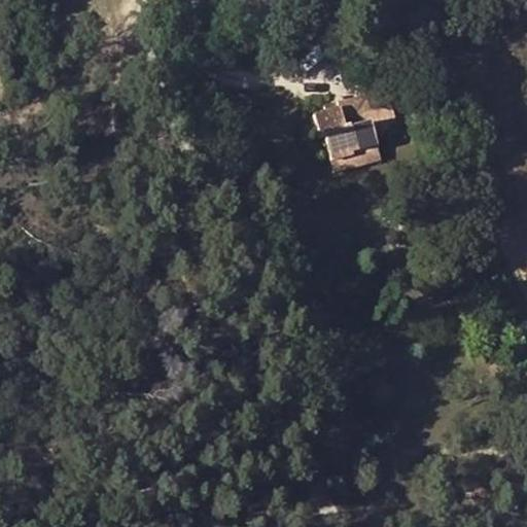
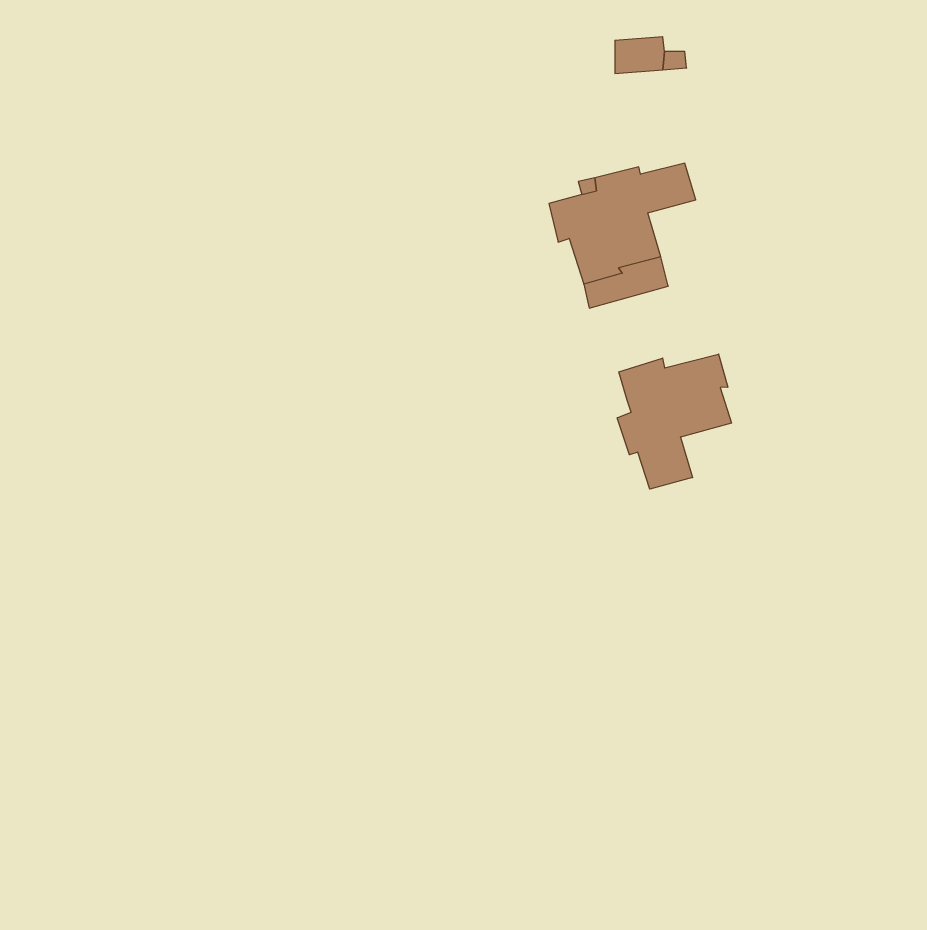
building: none -> [617,354,731,489]

